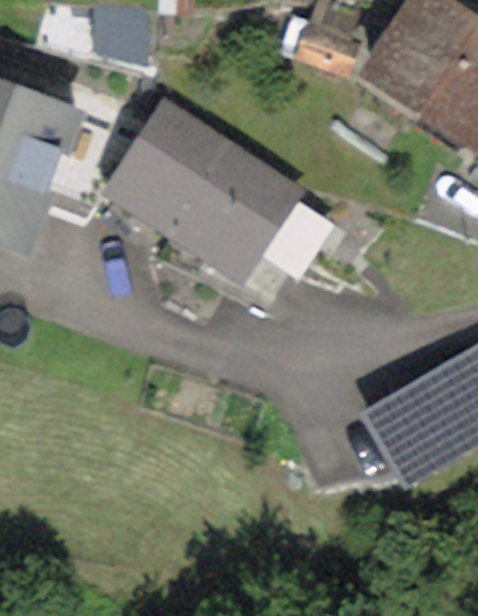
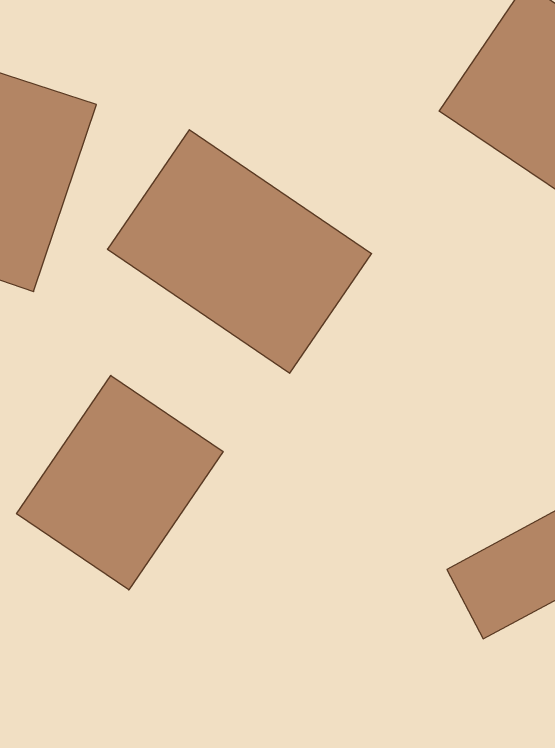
building: none -> [17,375,223,590]

